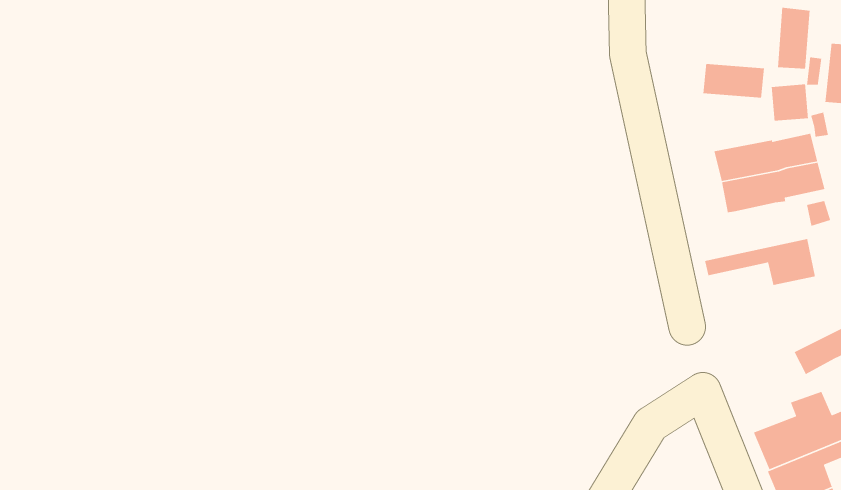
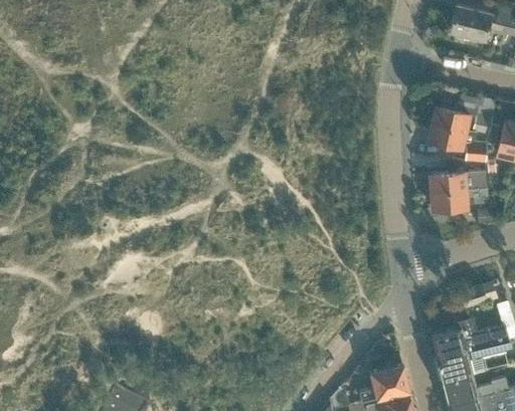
building: none -> [433,106,470,131]
building: [704,238,816,286] -> none

